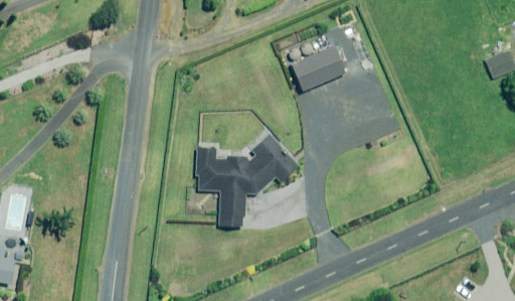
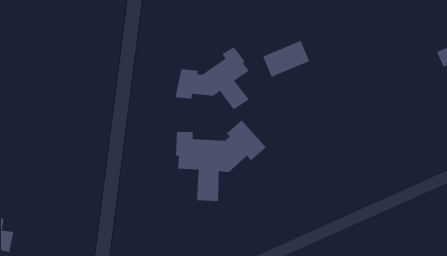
building: none -> [174,46,250,111]

